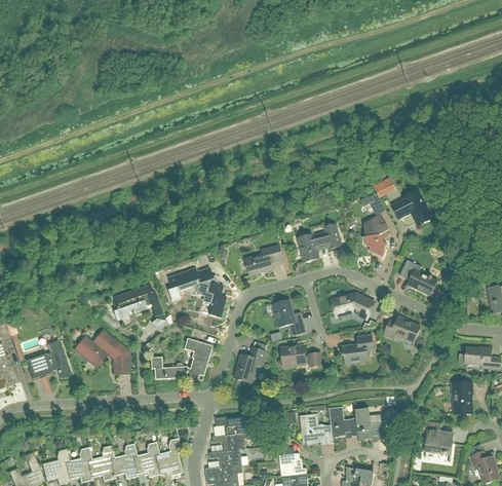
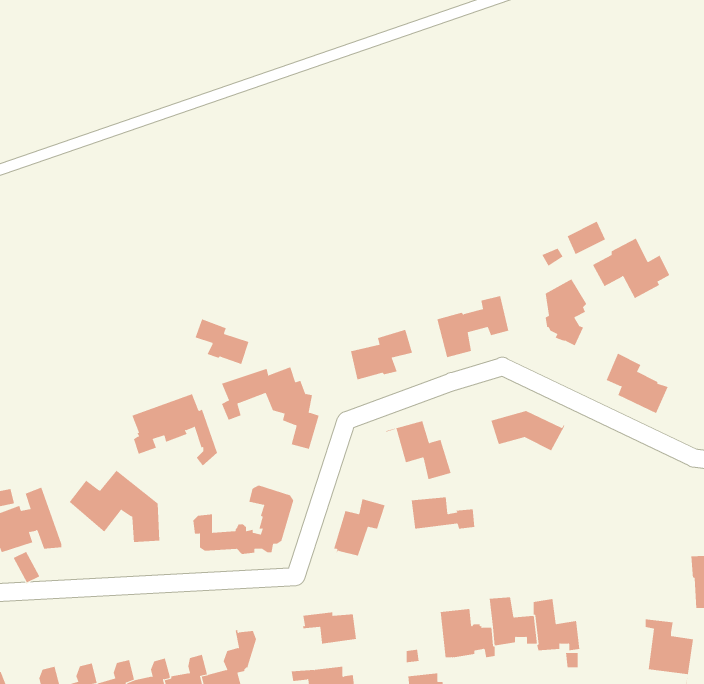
building: none -> [195,319,249,365]
building: [383,315,420,346] -> none
building: [341,334,374,364] -> none
building: [211,433,248,451] -> none

